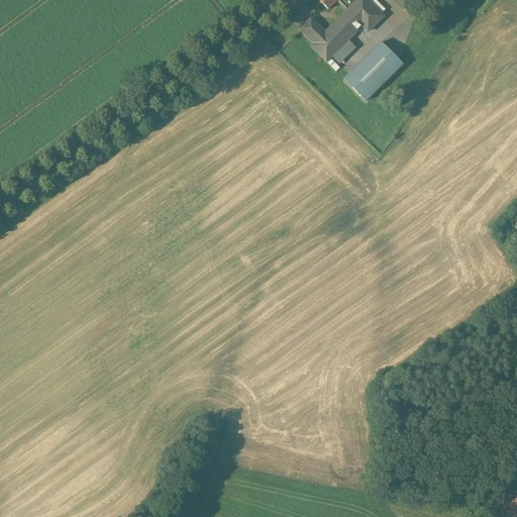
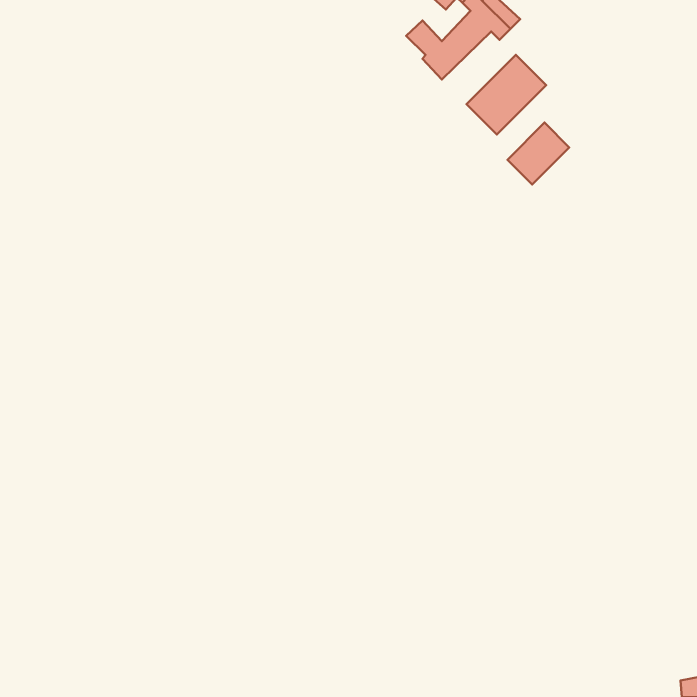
building: none -> [507,123,569,185]

